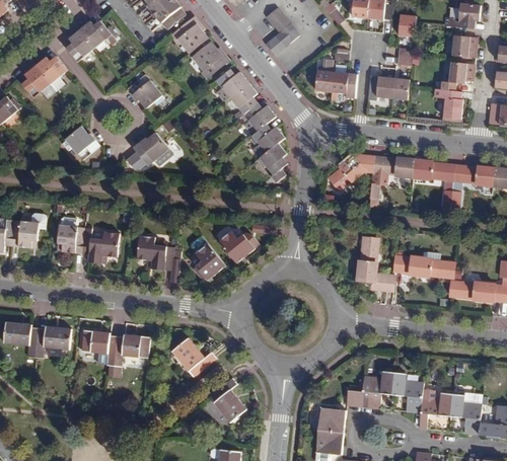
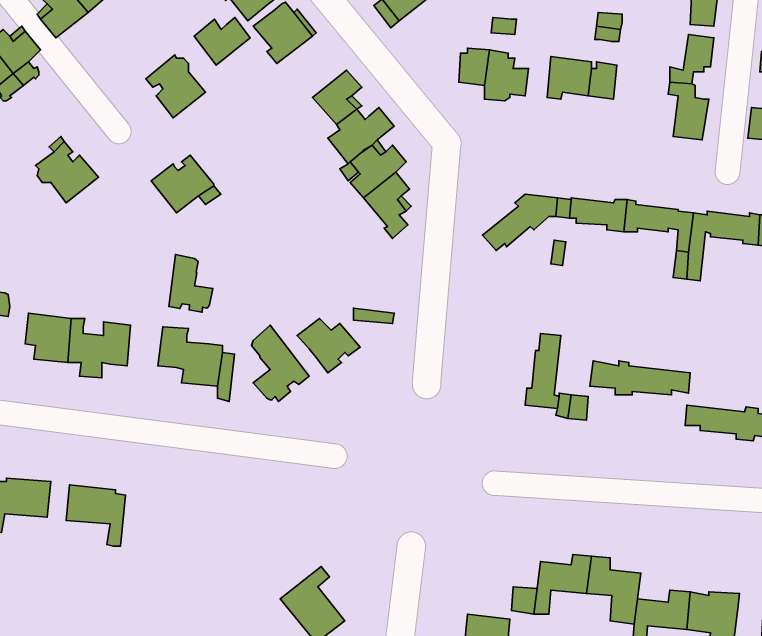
building: [214,70,247,98] -> [194,18,250,65]
building: none -> [169,254,213,312]
building: [107,333,149,373] -> none
building: [171,336,217,377] -> none

